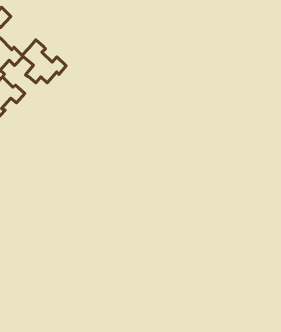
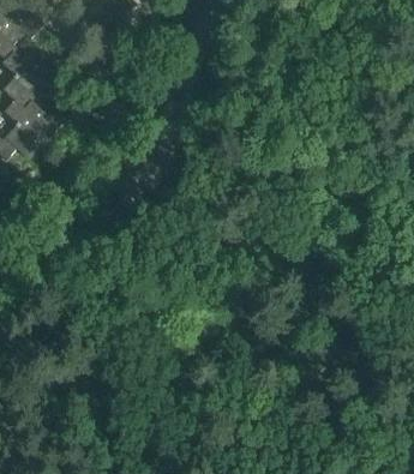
building: [22,40,66,83] -> none

